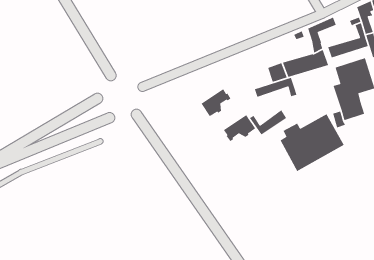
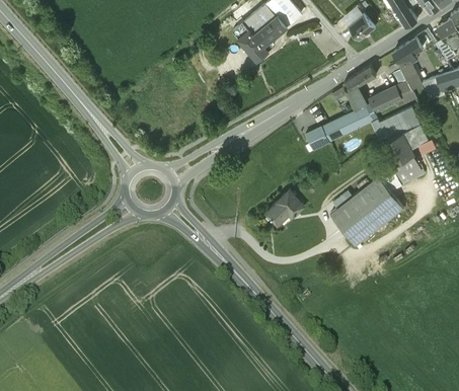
building: [254,77,298,98] -> none
building: [201,88,231,117] -> none
building: [249,109,287,136] -> none

